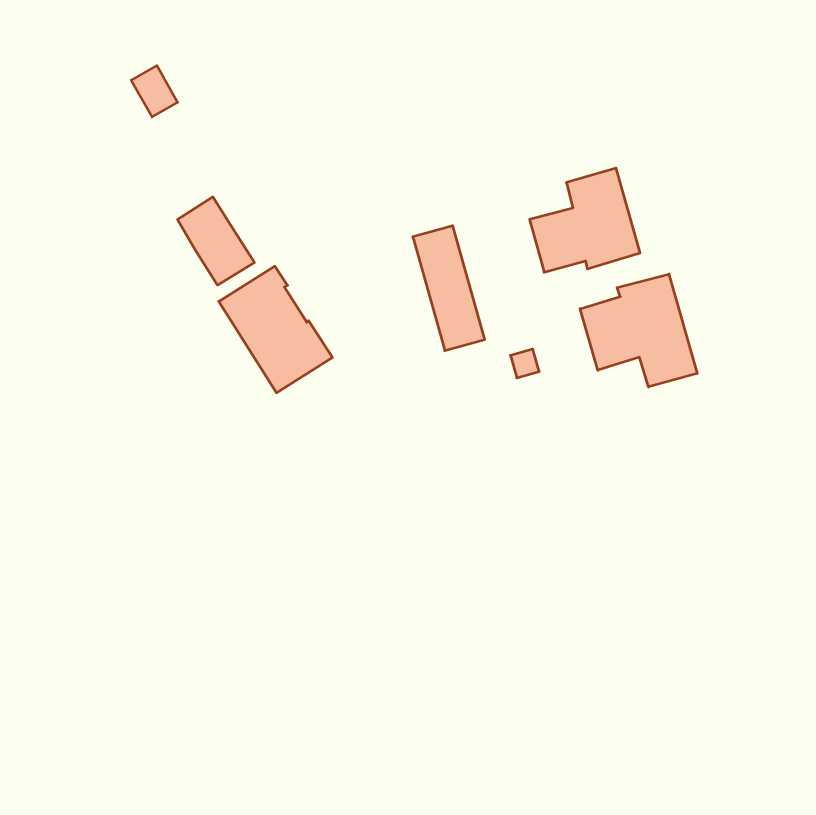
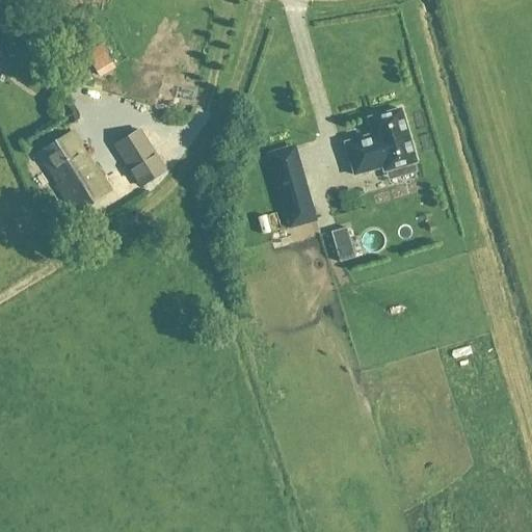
building: [219,266,332,393] -> [37,130,111,212]
building: [580,274,697,387] -> none

